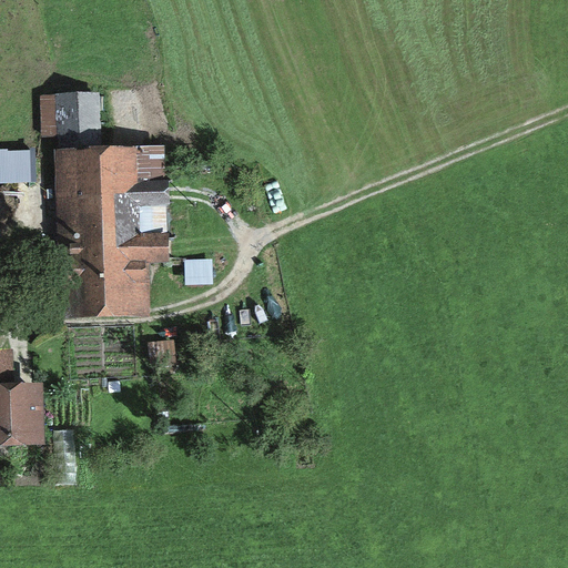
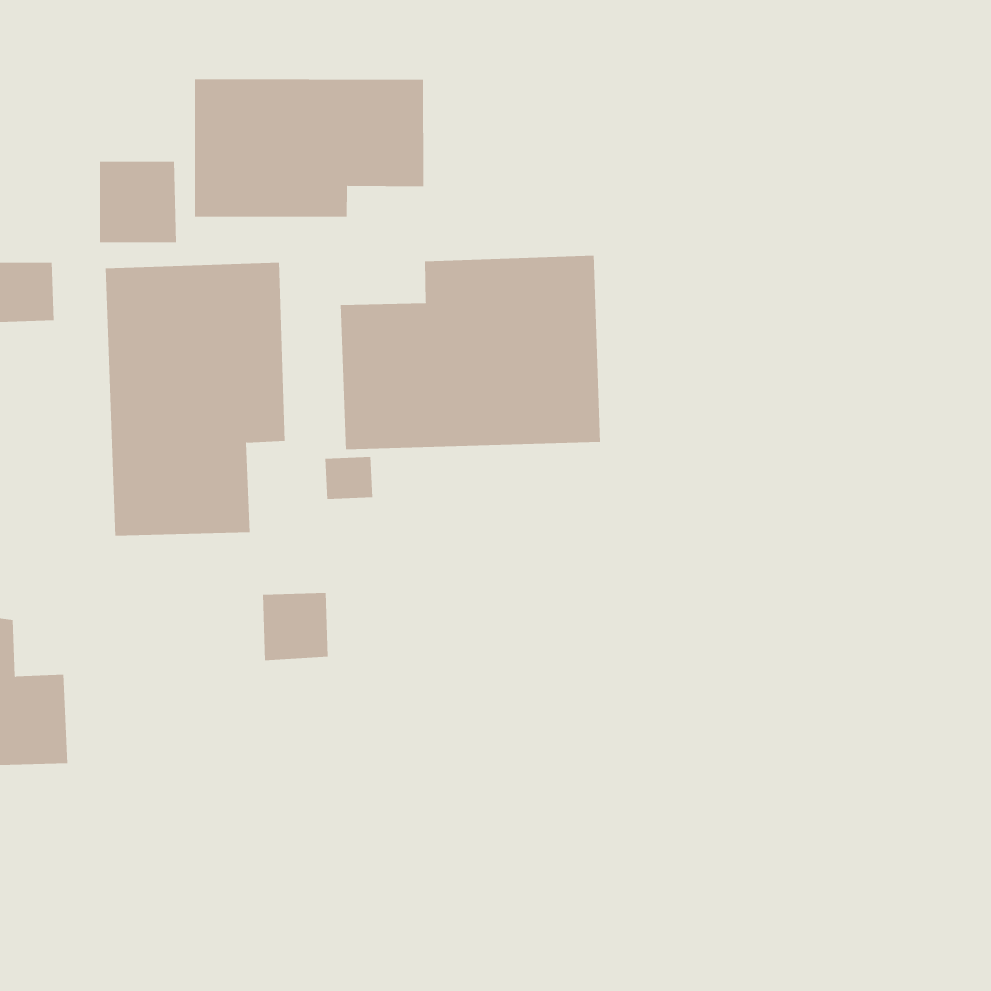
building: none -> [195,78,424,217]
building: none -> [340,255,601,450]

